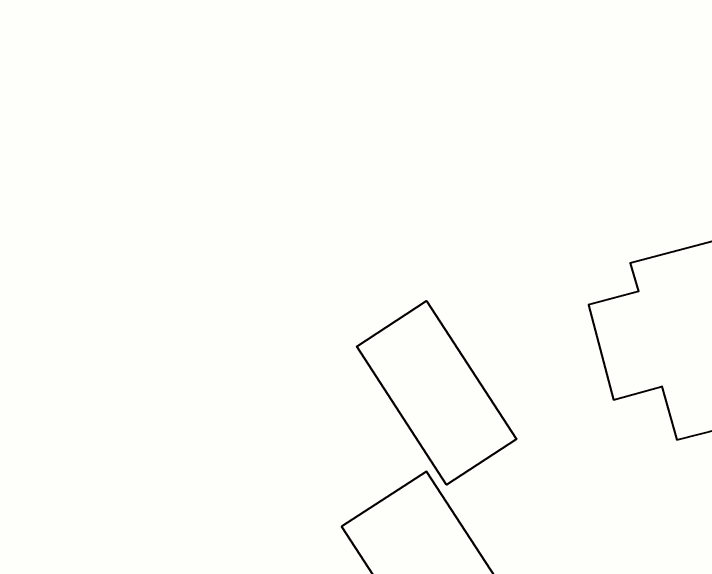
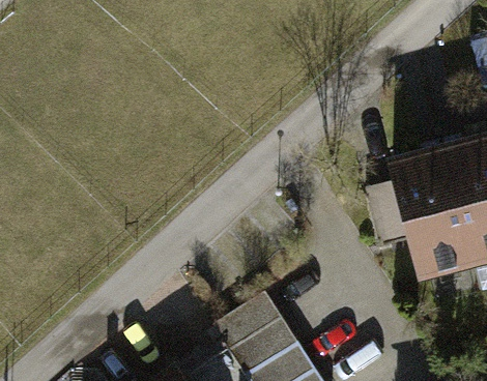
building: [357,301,516,485] -> none

